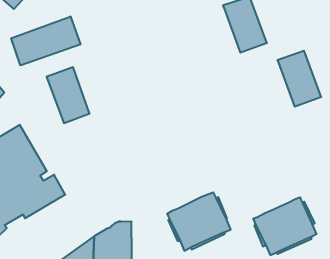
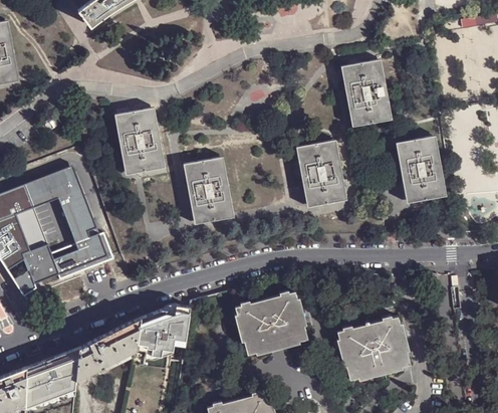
building: [11,16,81,65] -> none
building: none -> [298,143,343,208]
building: none -> [186,158,231,225]

